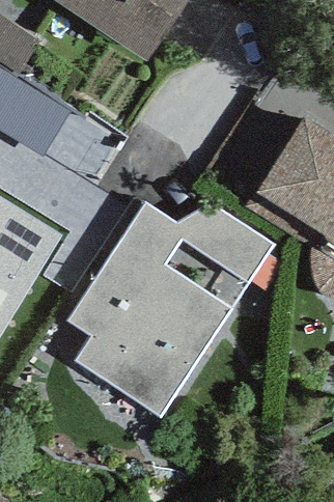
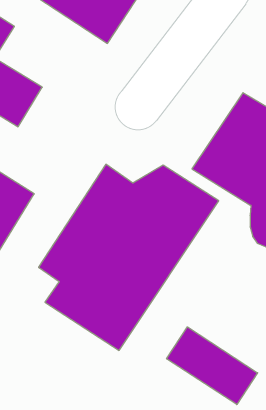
building: none -> [167,327,258,405]

